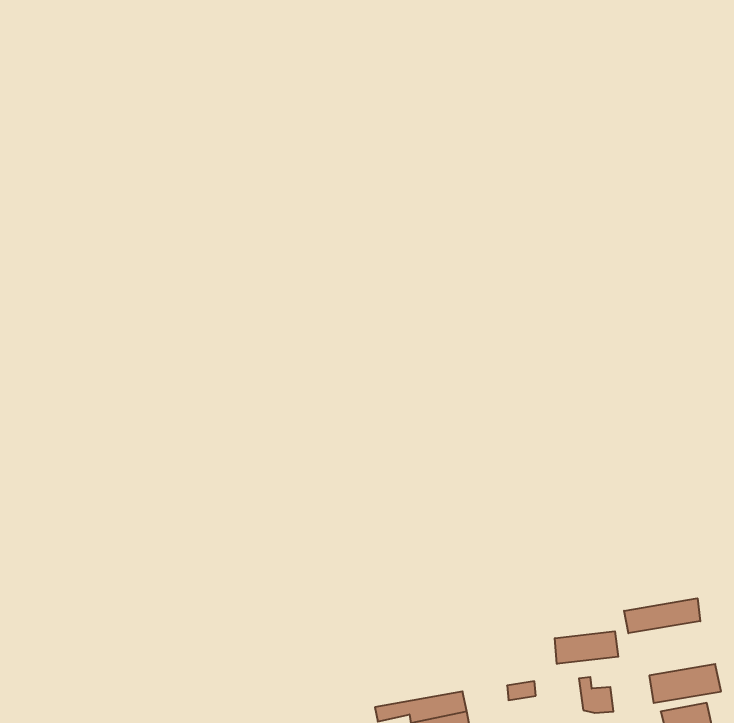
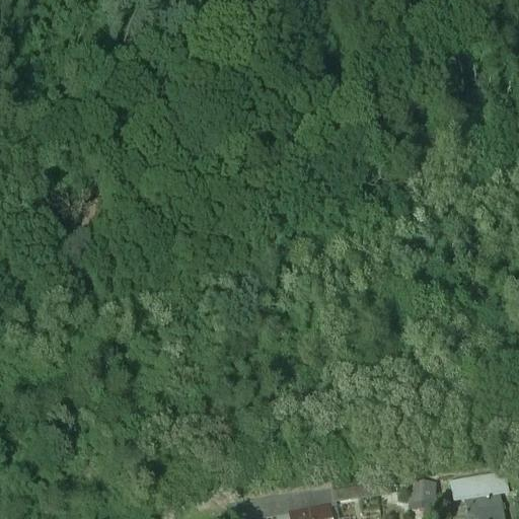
building: [624,598,700,633] -> none
building: [555,631,618,664] -> none

